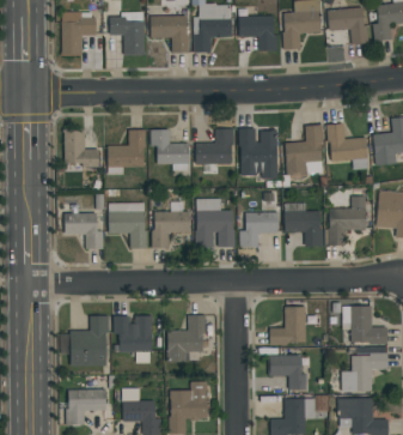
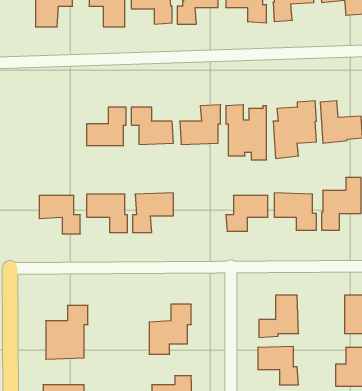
building: [65,129,98,165] -> none
building: [197,210,236,247] -> none
building: [114,315,152,351] -> none

